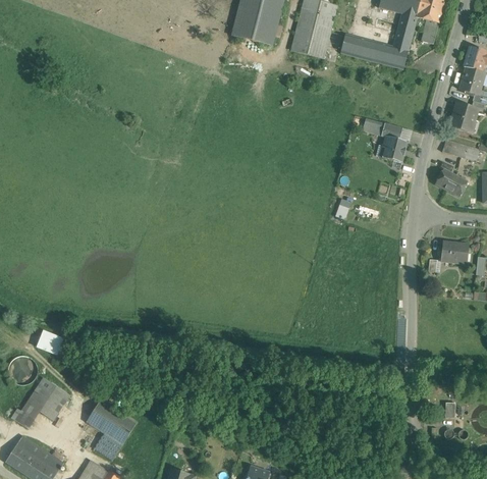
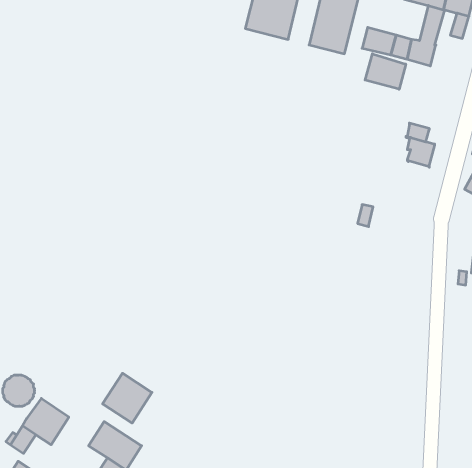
building: none -> [365,54,406,89]
building: [37,330,63,354] -> none
building: none -> [103,373,152,423]

